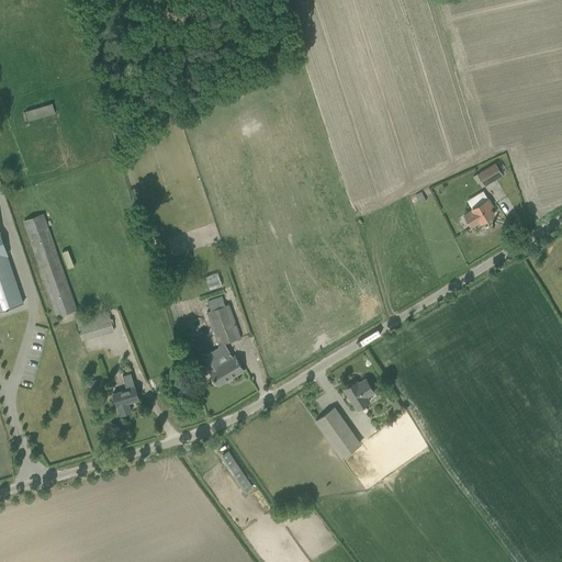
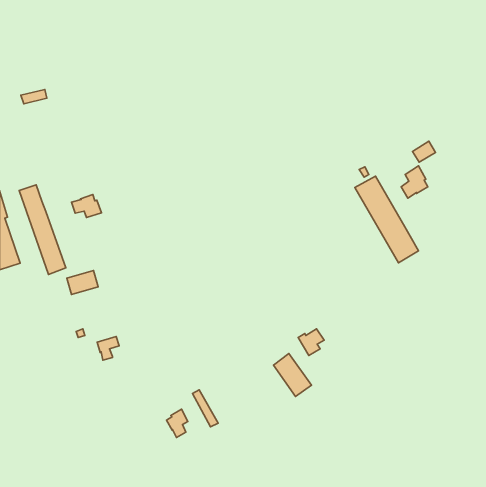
building: none -> [355,176,419,263]
building: none -> [71,195,102,217]
building: [201,296,243,386] -> none
building: none -> [167,409,188,437]

